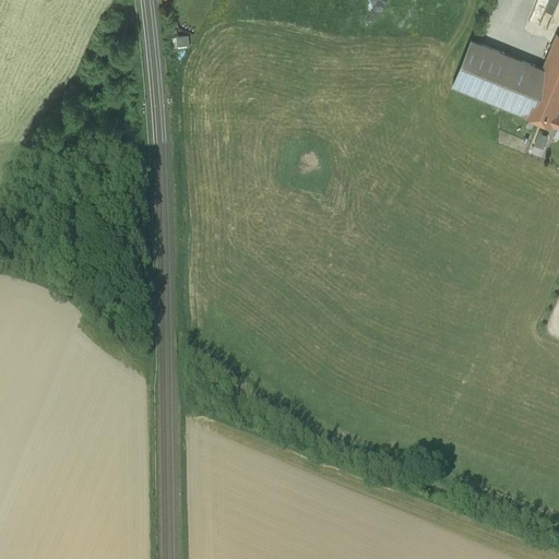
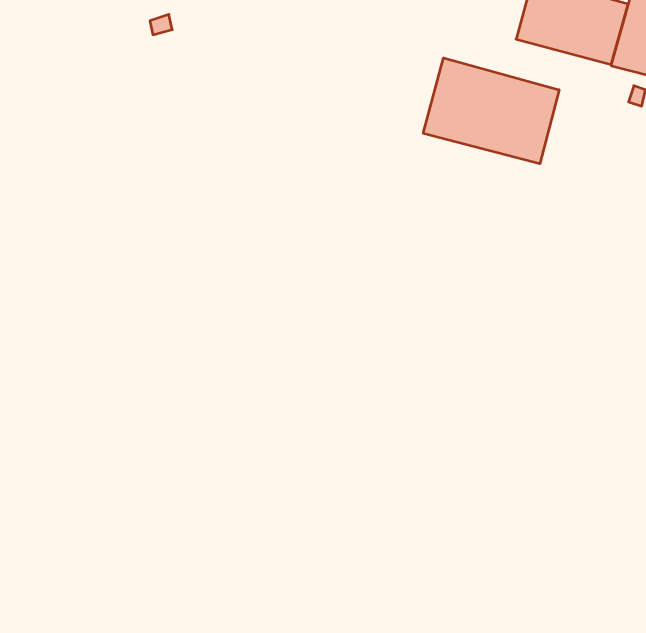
building: none -> [423,58,559,164]

